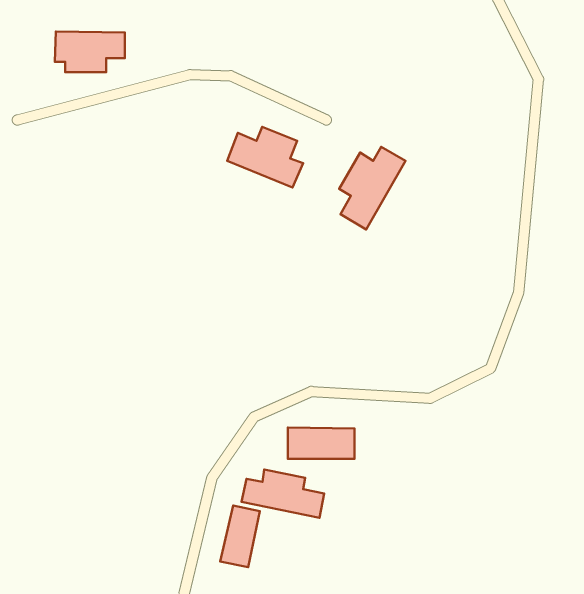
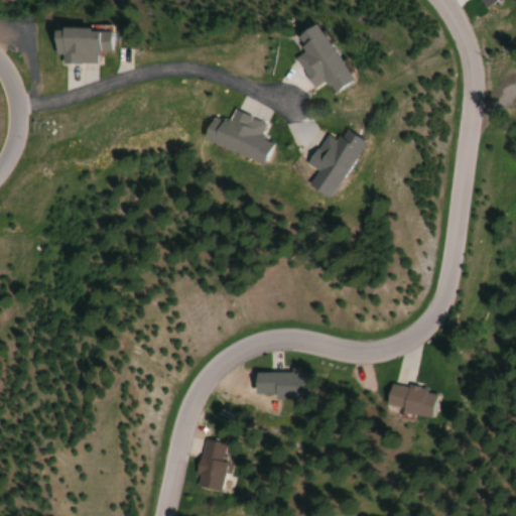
building: none -> [296,22,350,92]
building: none -> [384,381,433,417]
building: [242,469,324,518] -> none

